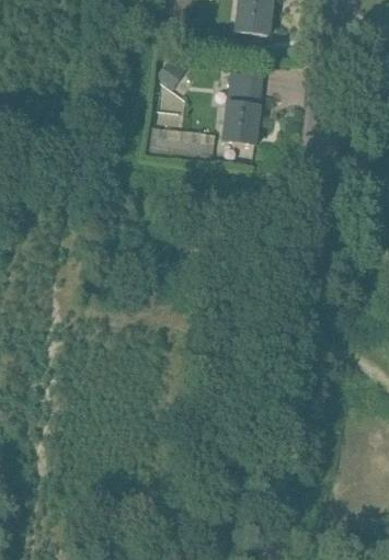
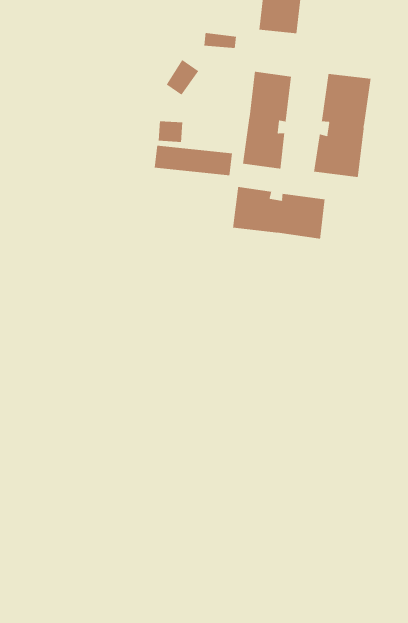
building: none -> [314,73,371,178]
building: none -> [233,186,325,240]

